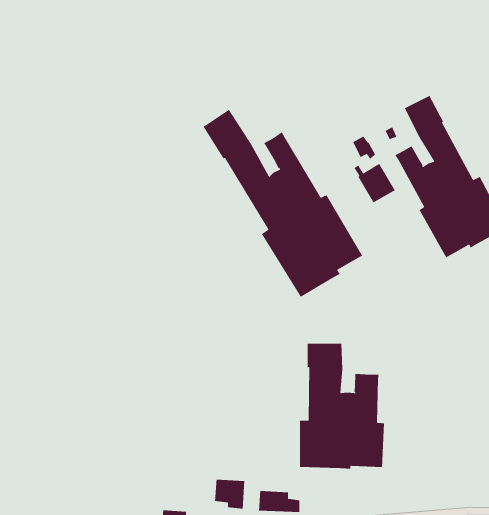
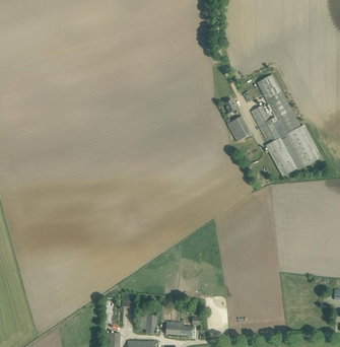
building: [203,109,363,298] -> none
building: [299,343,385,470] -> none

